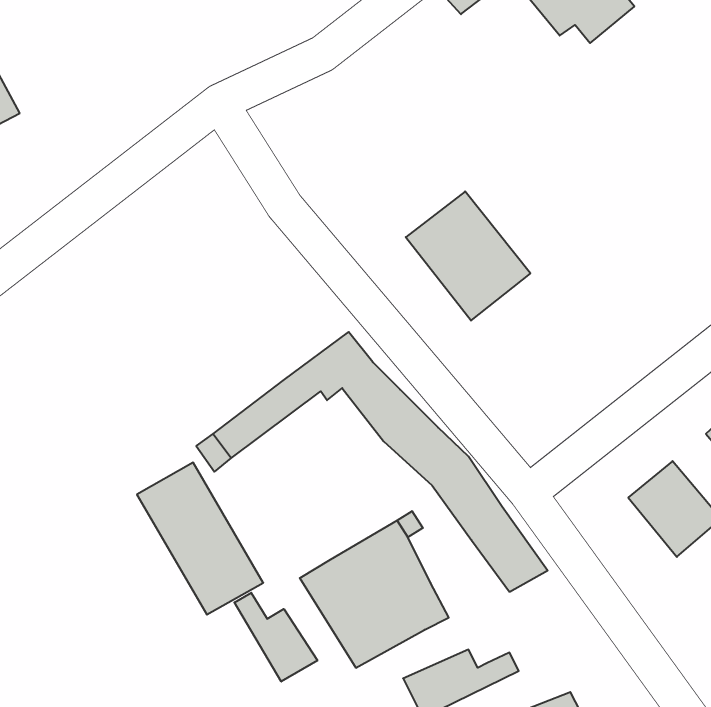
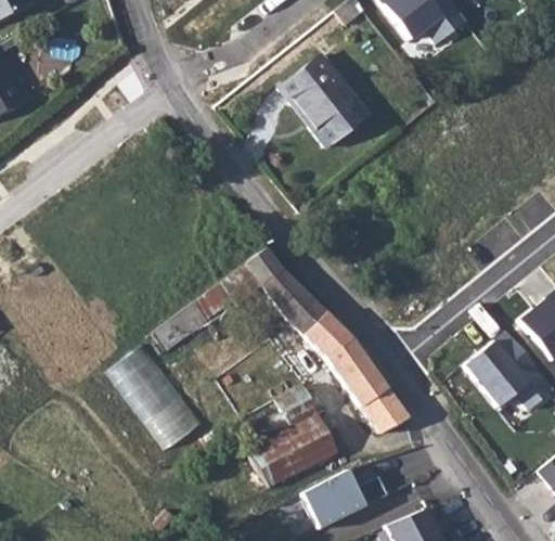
building: [406,191,530,321] -> [281,55,370,147]
building: [234,593,317,682] -> none

